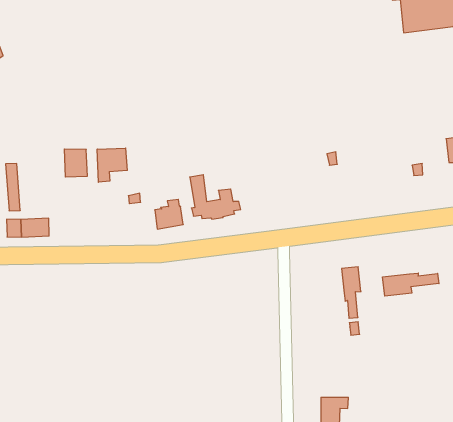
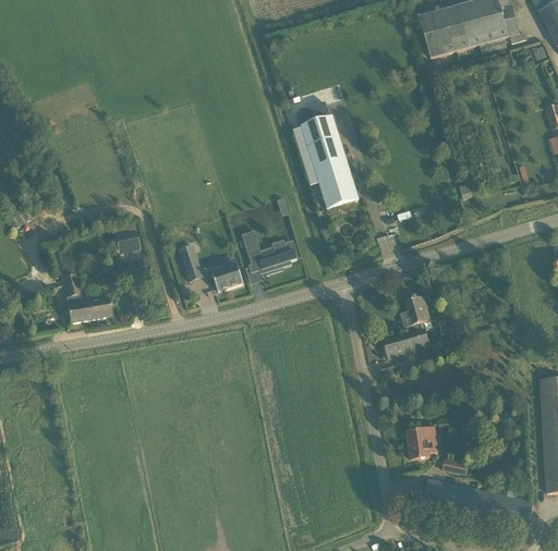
building: none -> [300,115,357,208]
building: [97,148,127,182] -> none
building: [383,273,439,296] -> none
building: none -> [381,331,421,365]

